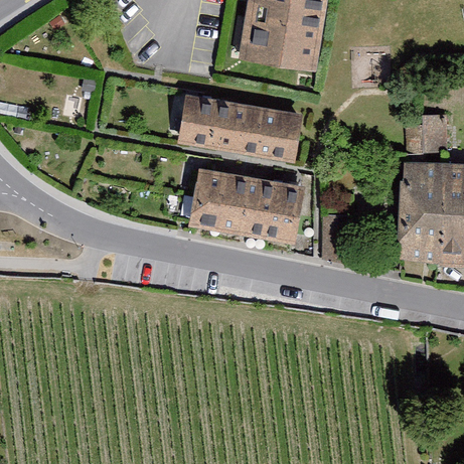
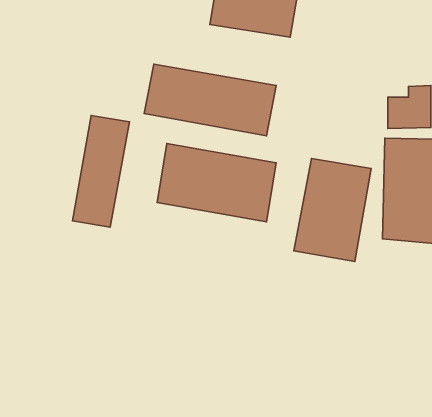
building: none -> [73,115,129,227]
building: none -> [294,158,371,261]

